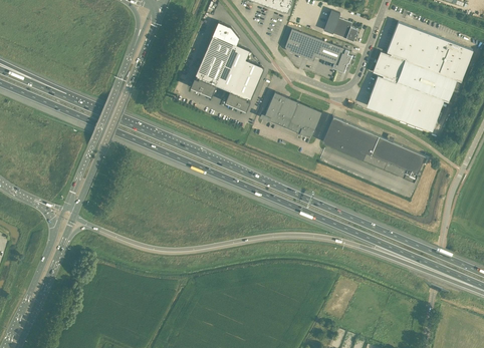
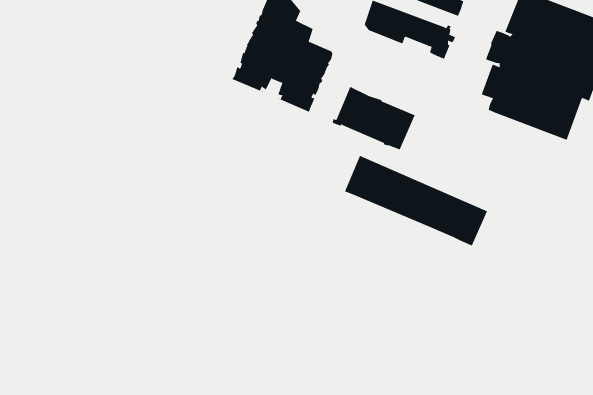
building: [320,116,424,182] -> [344,155,488,246]

